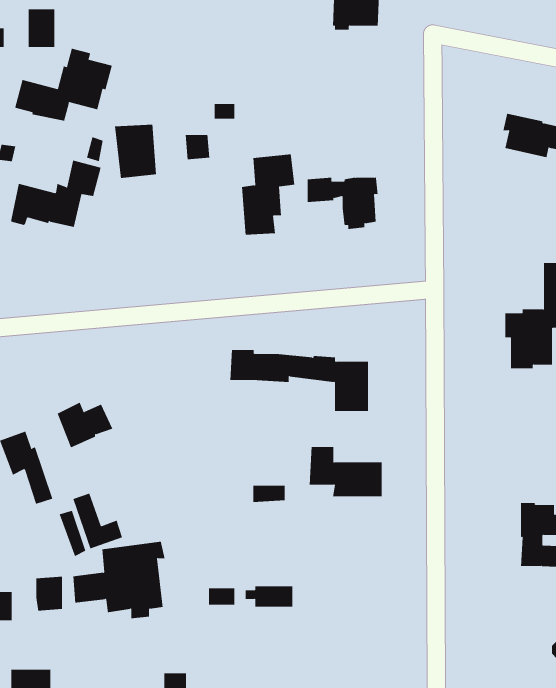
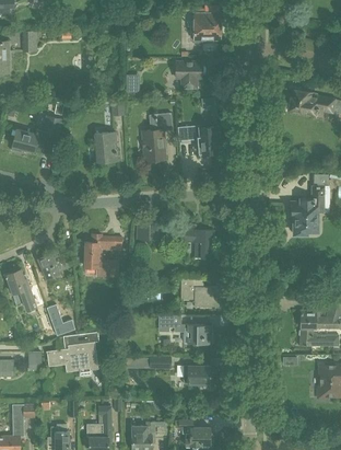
building: [14,48,113,122] -> none
building: none -> [174,60,201,86]
building: [114,124,157,178] -> [93,131,117,162]
building: none -> [84,233,118,276]
building: none -> [157,314,211,343]
building: none -> [183,365,210,383]

